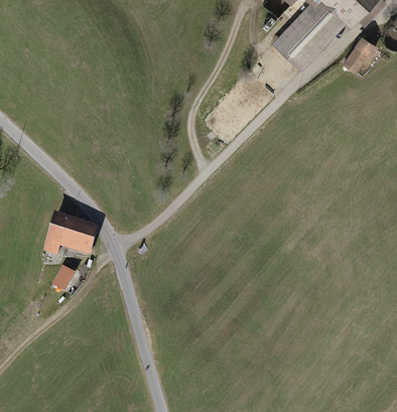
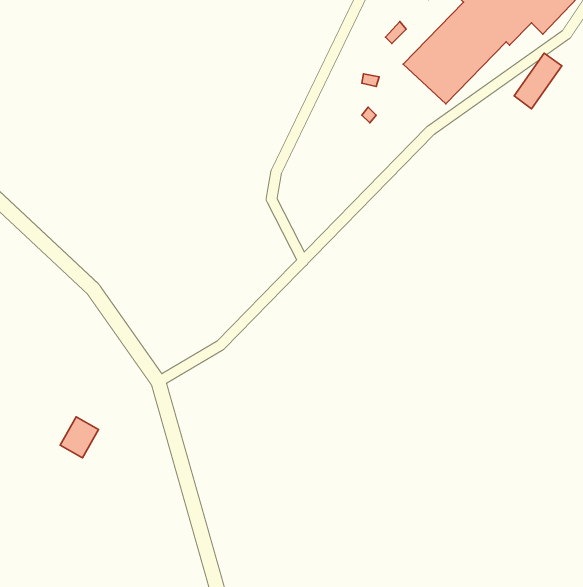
building: [45,213,100,257] -> none

